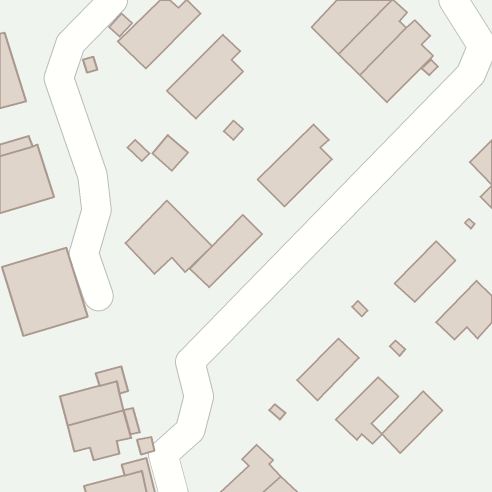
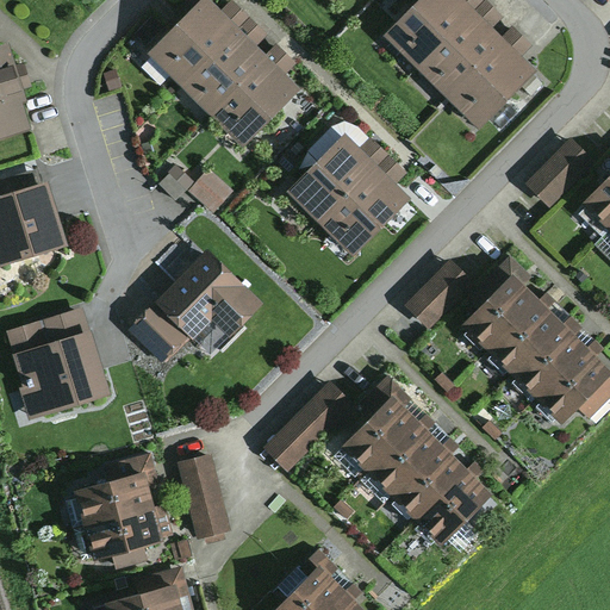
building: none -> [180,18,266,113]
building: none -> [285,122,387,223]
building: none -> [524,138,593,207]
building: none -> [460,256,539,351]
building: none -> [405,260,473,329]
building: [190,215,262,287] -> [263,382,353,472]
building: none -> [129,301,191,365]
building: none -> [512,323,589,399]
building: none -> [341,375,418,471]
building: none -> [178,454,229,546]
building: [382,391,442,453] -> [392,443,467,519]

